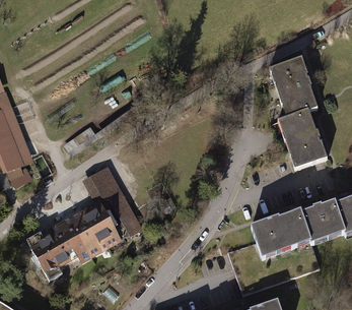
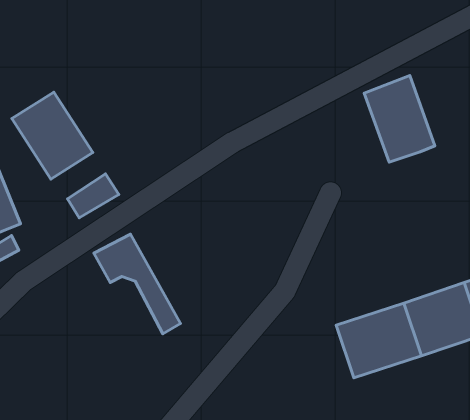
building: none -> [12,92,93,179]
building: [276,108,325,167] -> none
building: [26,206,118,277] -> none

